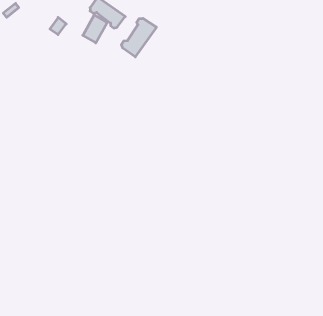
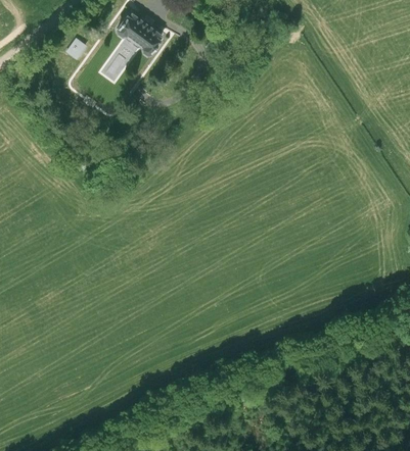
building: [121,18,156,57] -> none

